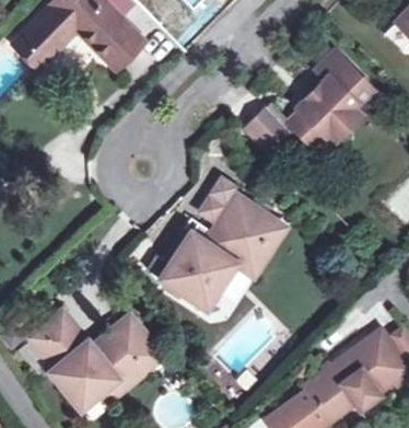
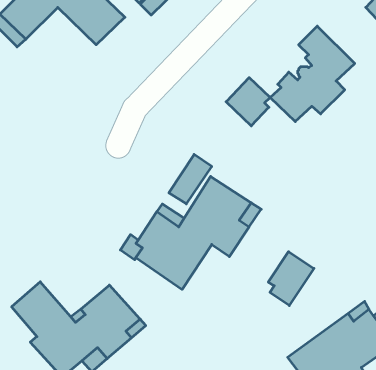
building: none -> [268,252,314,306]

